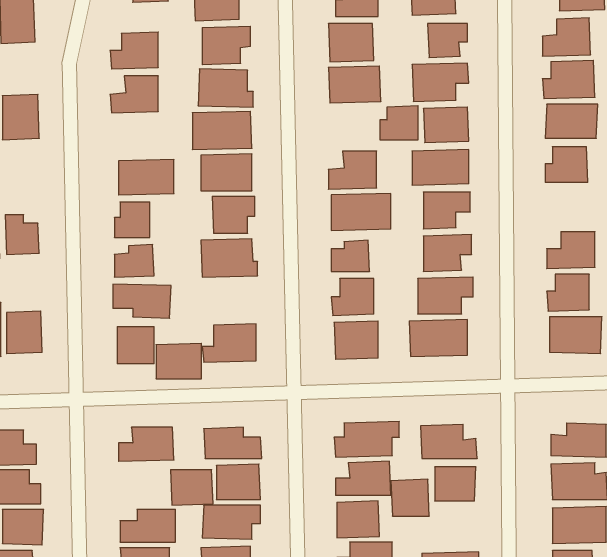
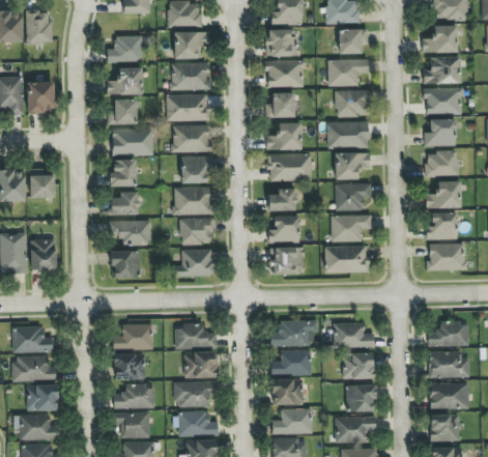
building: [380,106,418,140] -> [266,92,294,117]
building: none -> [108,99,137,124]
building: none -> [426,151,459,176]
building: [156,343,201,379] -> [180,218,213,244]
building: [171,470,213,505] -> [114,353,145,379]
building: [391,479,429,516] -> [347,384,375,411]

